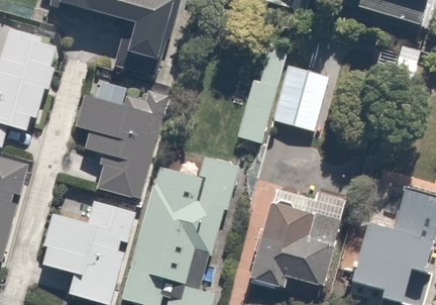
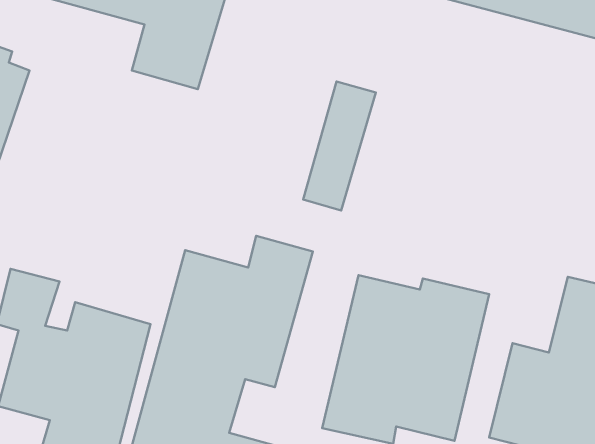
building: [68,63,169,198] -> none
building: [276,65,328,129] -> none

